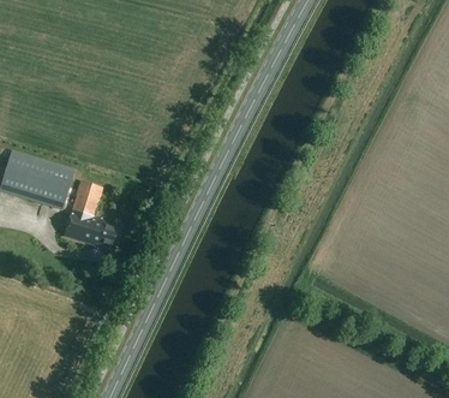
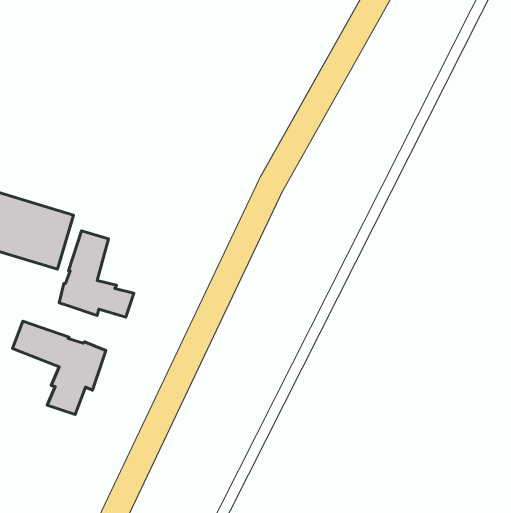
building: none -> [12,321,106,414]

